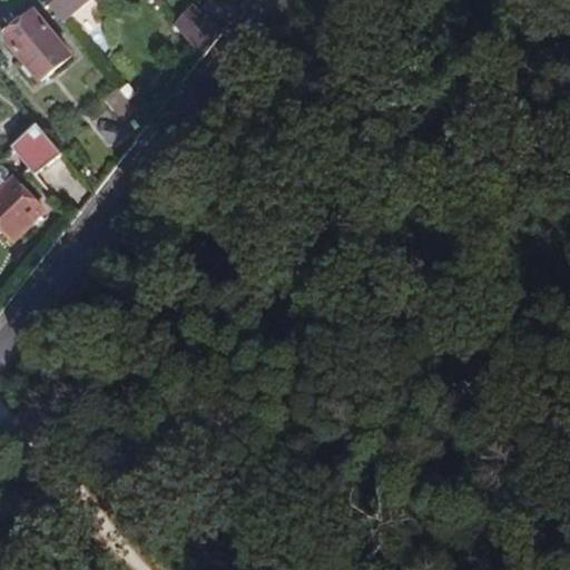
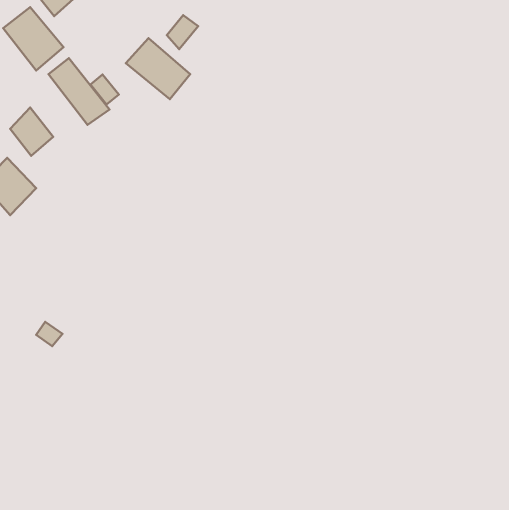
building: none -> [126,38,190,99]
building: none -> [49,58,110,125]

